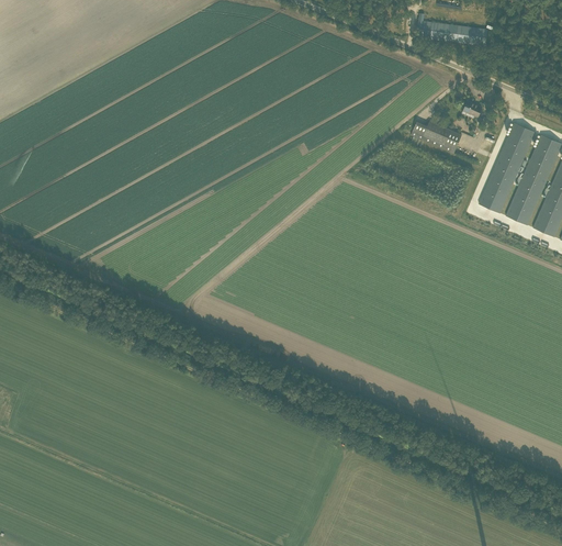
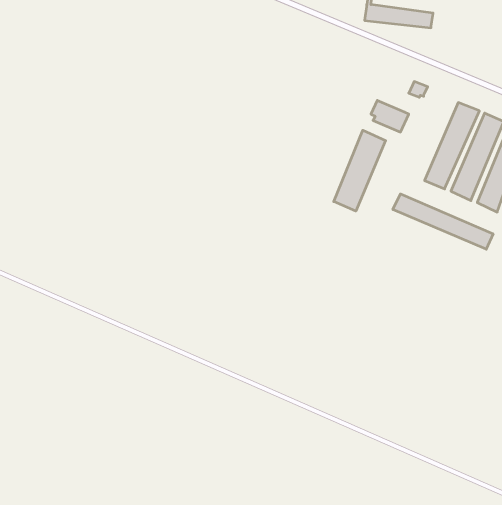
building: none -> [334,130,386,211]
building: none -> [393,194,493,249]

